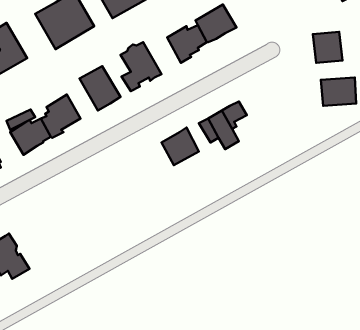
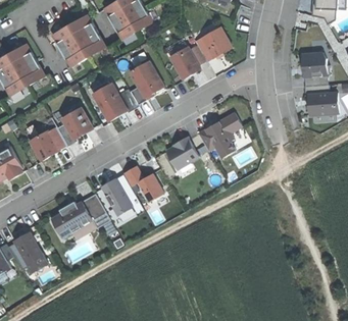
building: none -> [122,165,163,202]
building: none -> [100,178,133,215]
building: none -> [50,195,109,237]

